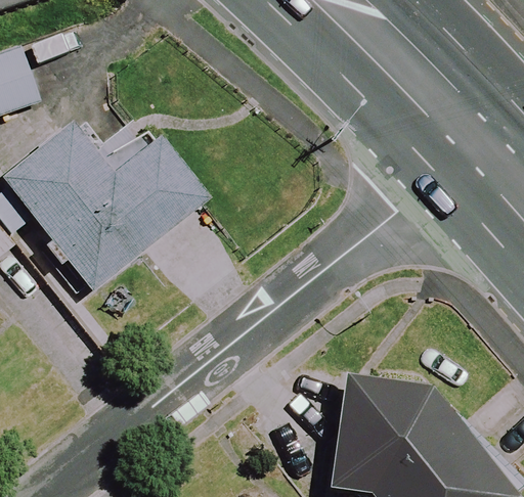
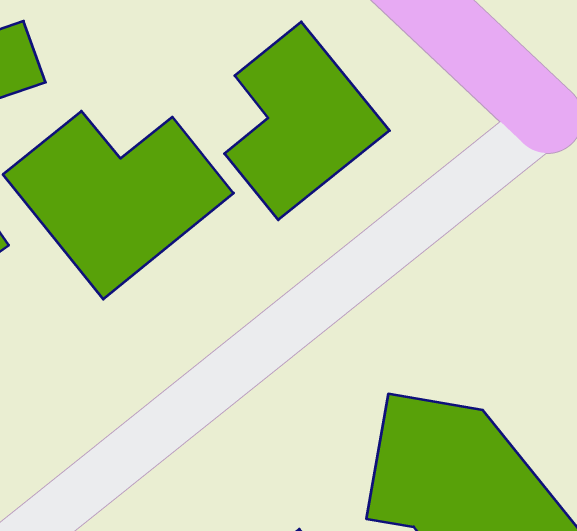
building: none -> [224,22,390,220]

